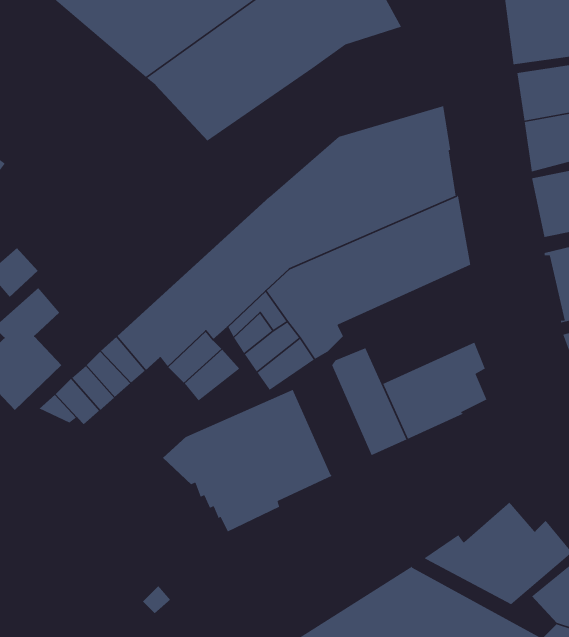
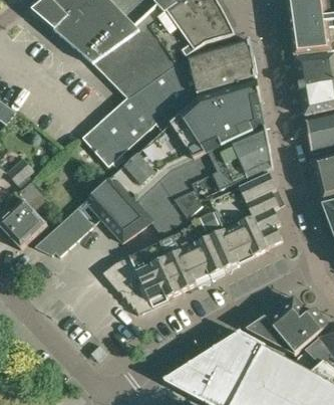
building: none -> [84,39,258,166]
building: none -> [210,174,280,232]
building: none -> [175,222,218,282]

